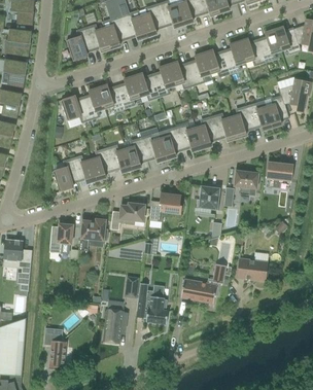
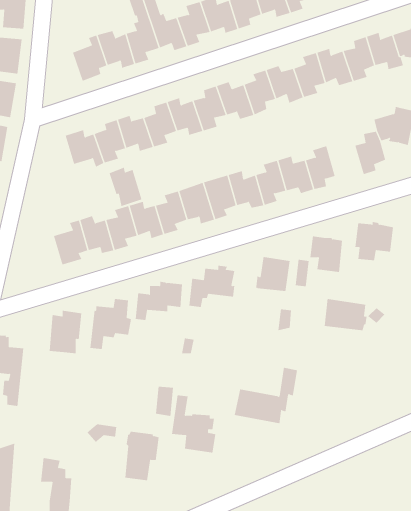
building: [246,103,272,130] -> none
building: none -> [109,167,142,207]
building: [237,257,268,280] -> [324,299,368,331]

